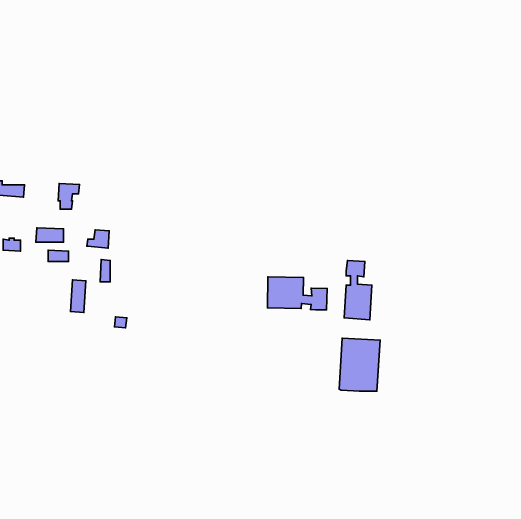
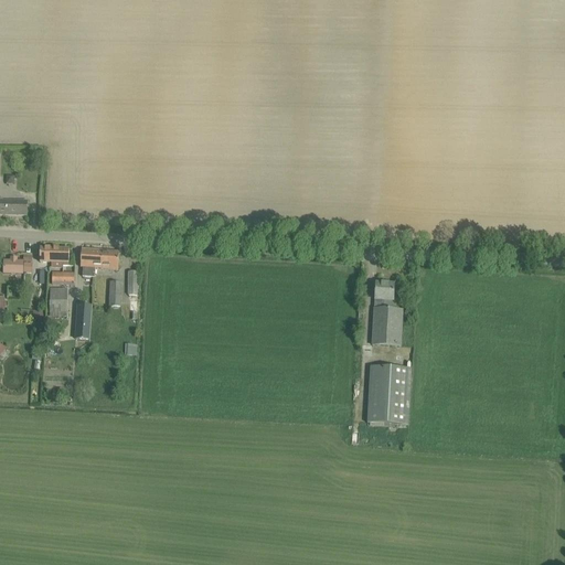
building: [58,184,80,209] -> [79,247,103,275]
building: none -> [49,286,67,315]
building: [267,277,327,310] -> none

